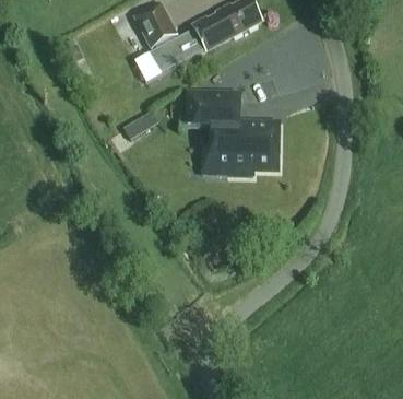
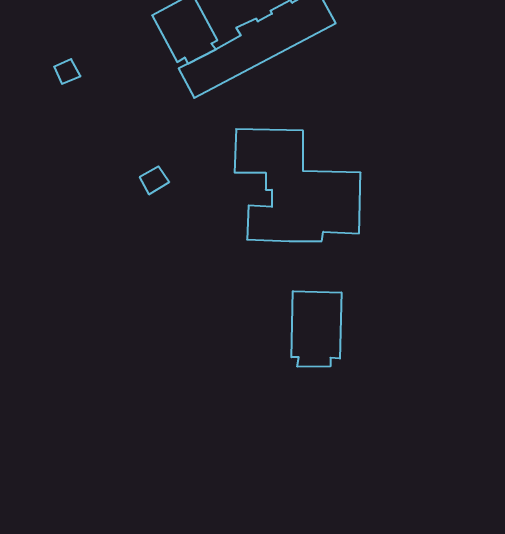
building: none -> [291,291,341,367]

